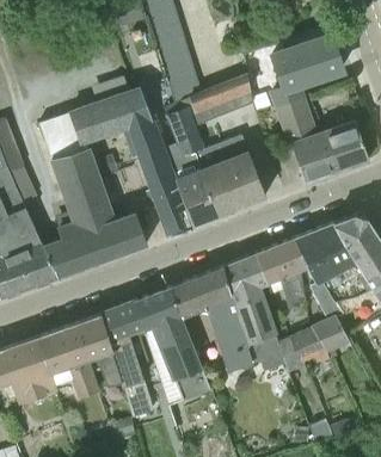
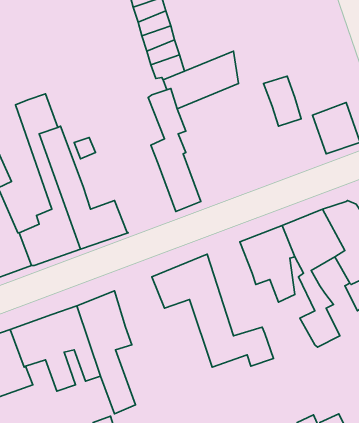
building: [274,37,344,104] -> none
building: [69,76,195,239] -> none
building: [291,134,337,181] -> none
building: [196,135,266,216] -> none
building: [223,254,276,344] -> none
building: [135,288,211,407] -> none
building: [278,327,330,372] -> none

